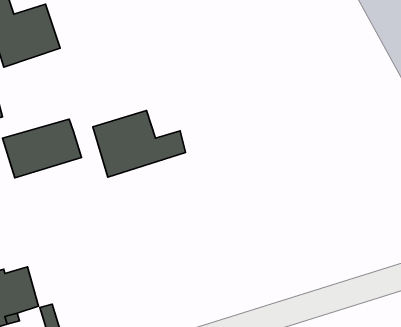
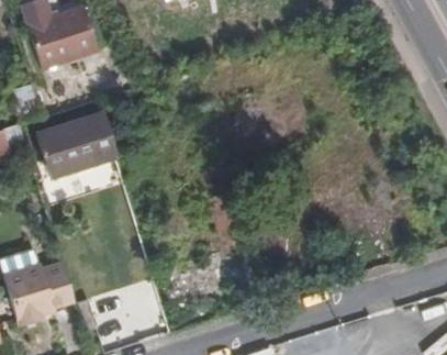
building: [93,110,185,177] -> none

